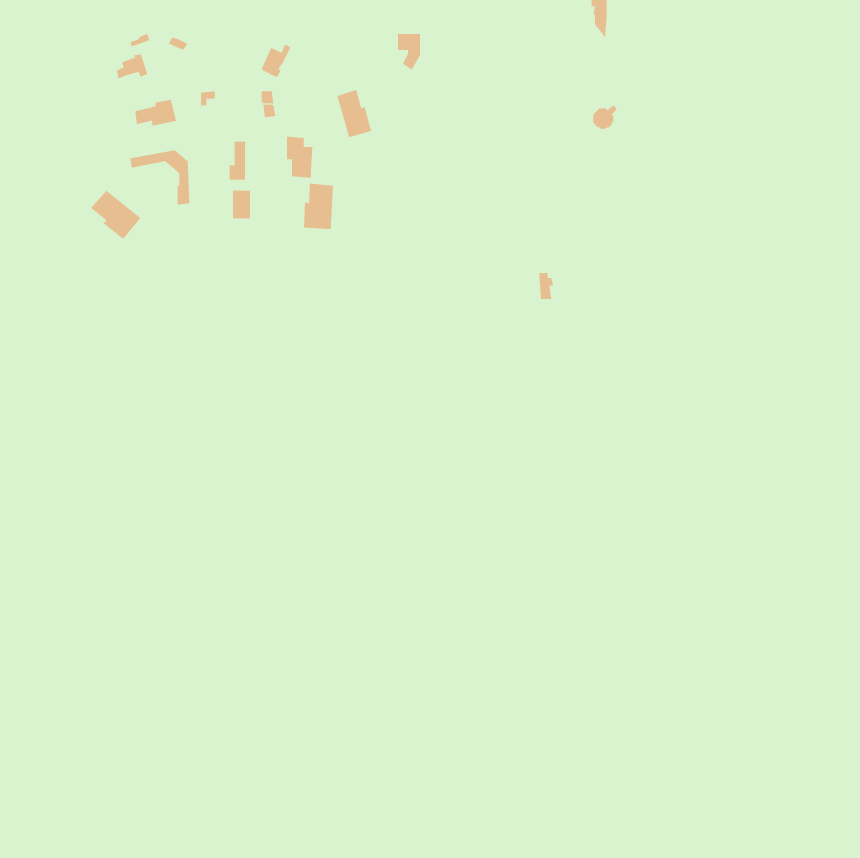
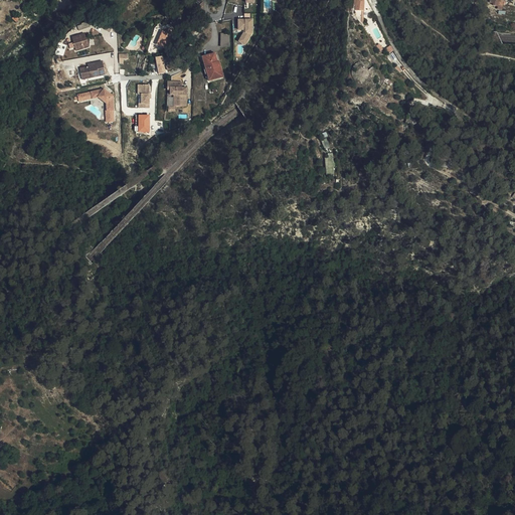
building: [303,183,334,230] -> none
building: [90,190,141,240] -> none

